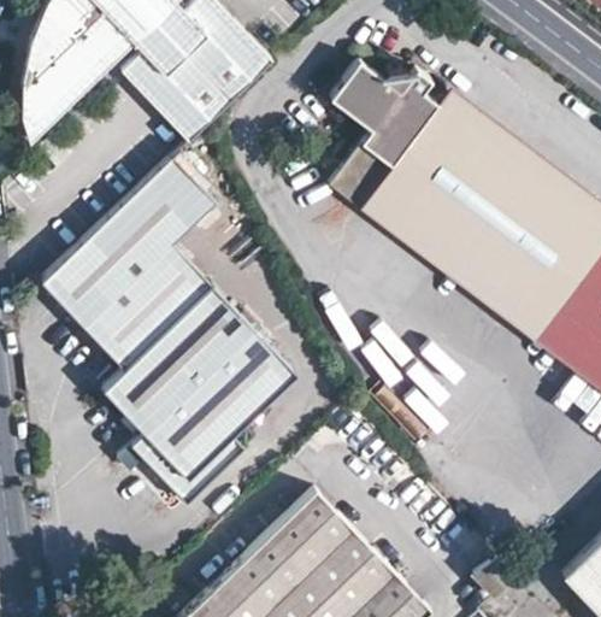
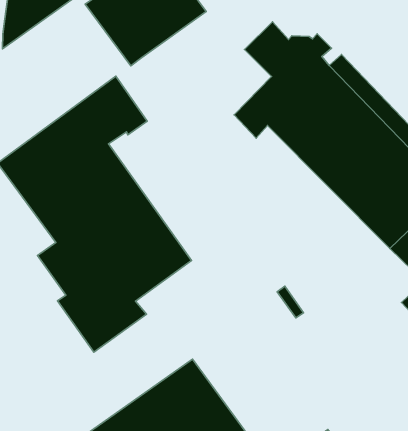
building: [355,188,541,340] -> none

